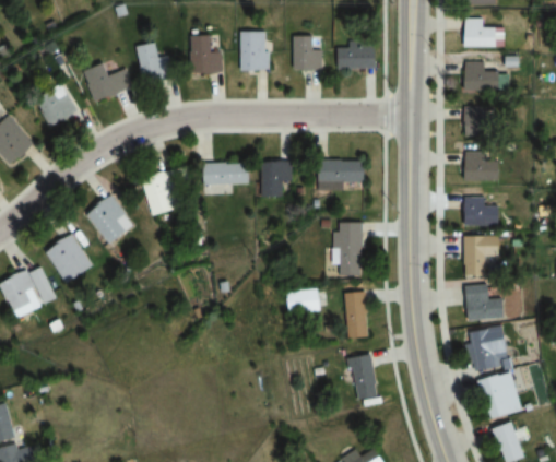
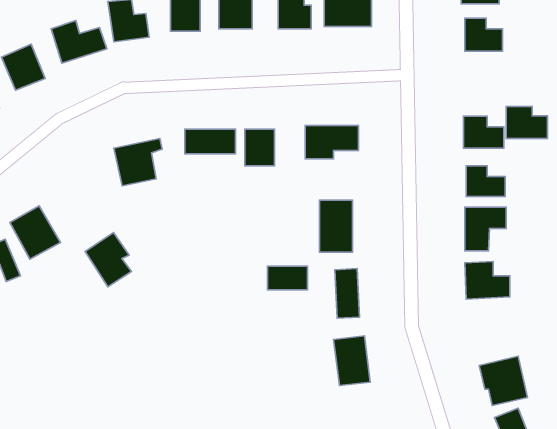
building: [460,106,498,135] -> [506,107,548,138]
building: [85,196,128,246] -> [85,233,131,287]
building: [470,325,511,372] -> none

